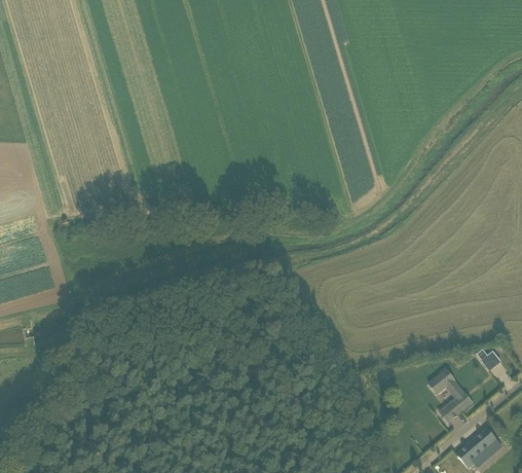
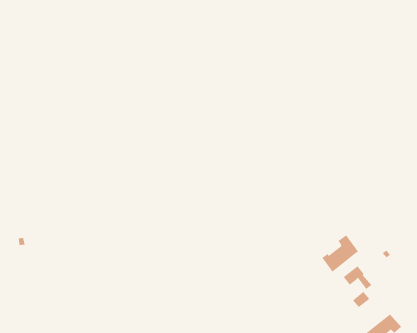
building: none -> [322,235,359,272]

